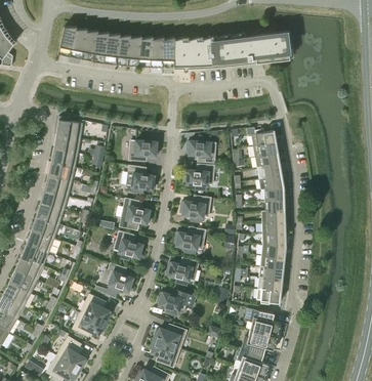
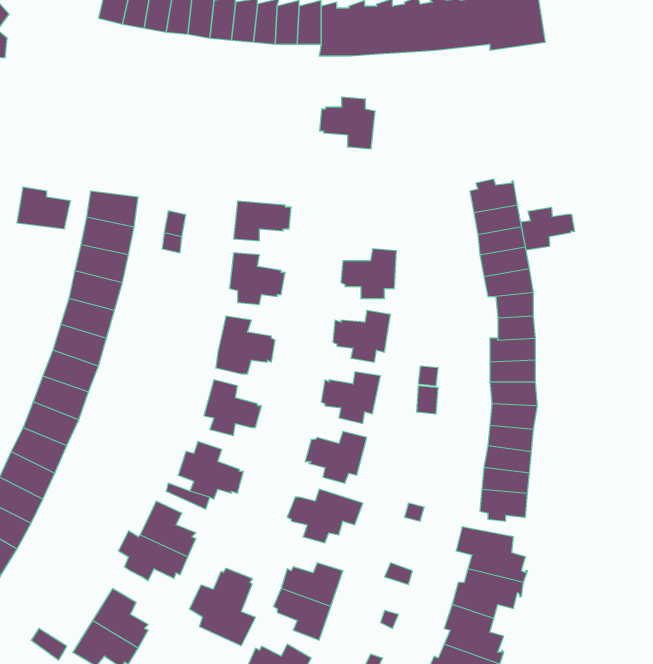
building: [55,116,83,137] -> [17,187,71,229]
building: [187,135,215,162] -> [320,97,375,149]
building: none -> [521,207,575,250]
building: none -> [189,568,256,646]

